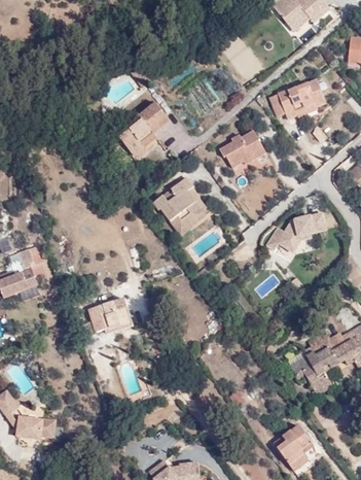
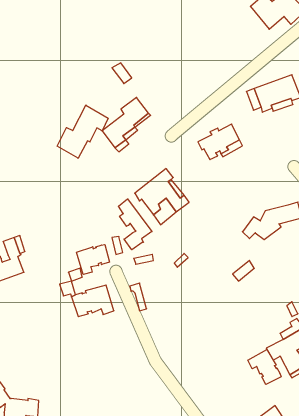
building: none -> [57,105,108,158]
building: none -> [118,199,152,250]
building: none -> [76,245,109,274]
building: none -> [248,349,281,384]

